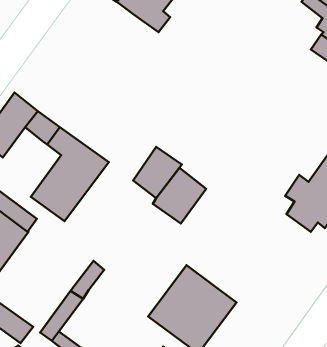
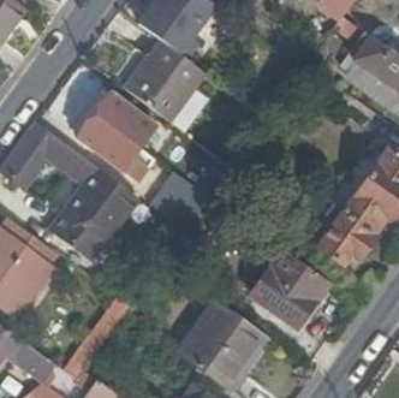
building: none -> [124,40,204,120]
building: none -> [77,91,155,171]
building: none -> [252,250,330,328]

